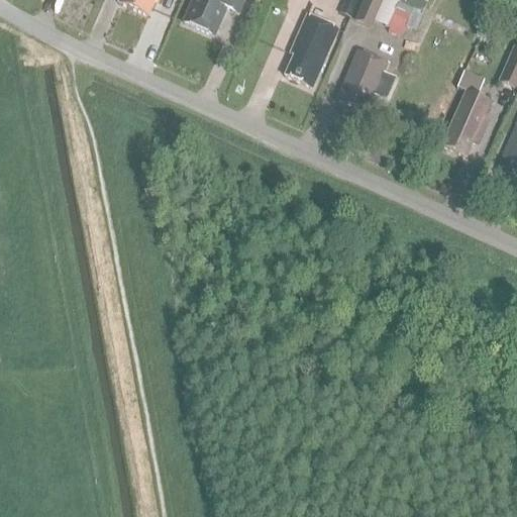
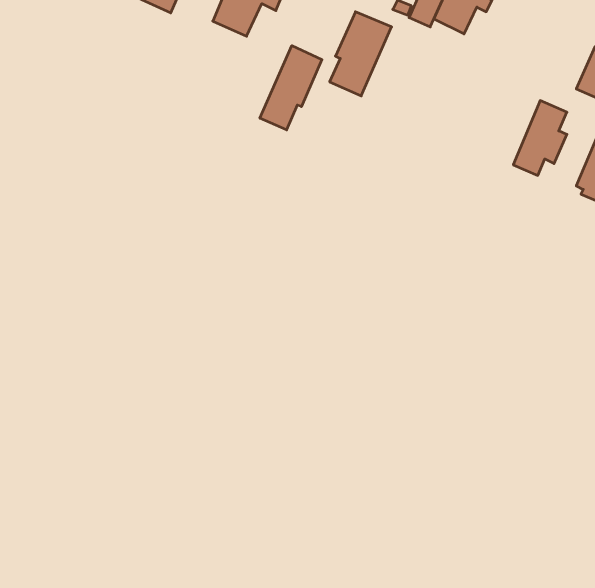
building: none -> [260,46,322,130]
building: [338,45,390,107] -> none

